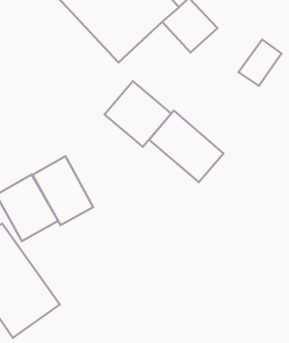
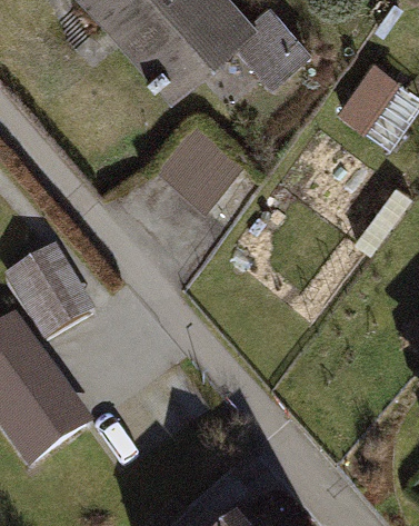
building: [149,110,223,182] -> none
building: [32,156,93,225] -> none

